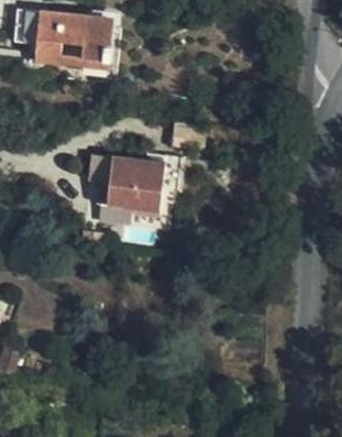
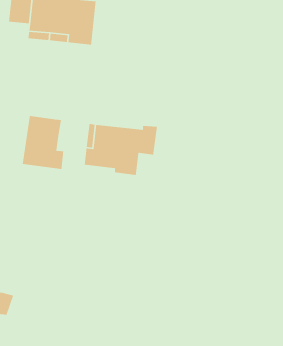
building: none -> [22,115,64,170]

